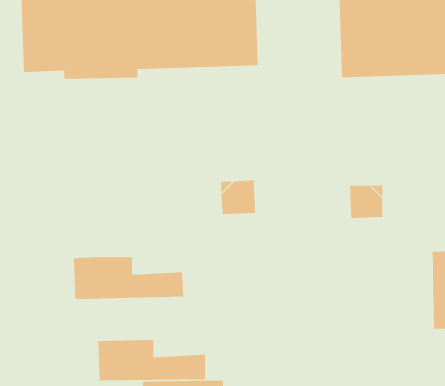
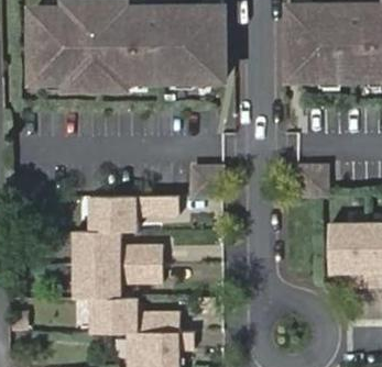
building: none -> [89,194,177,229]
building: none -> [328,224,364,289]
building: none -> [73,262,162,297]

